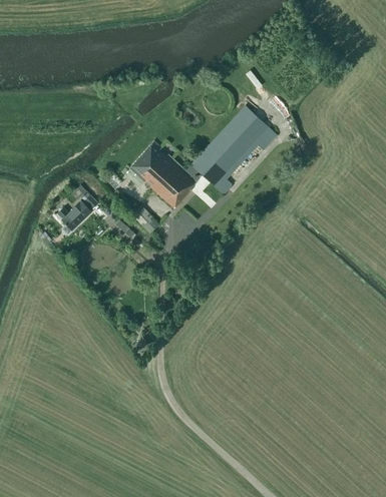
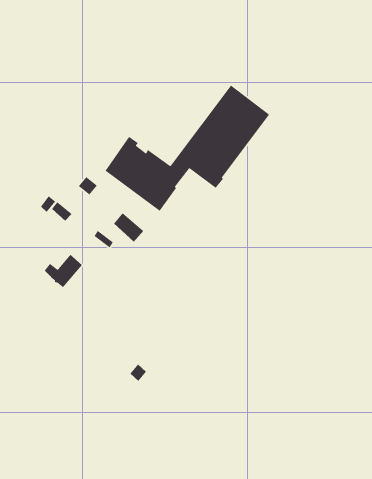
building: [55,200,89,229] -> [44,254,83,288]

